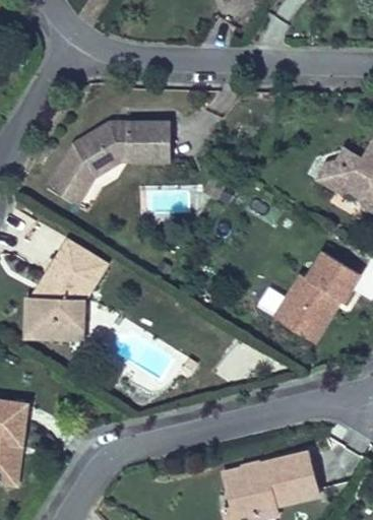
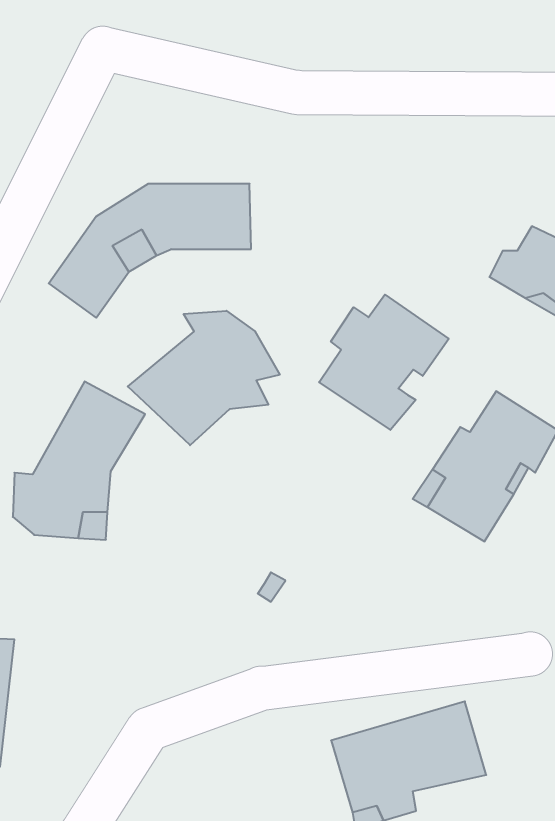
building: none -> [319,295,449,430]
building: none -> [128,311,280,445]

